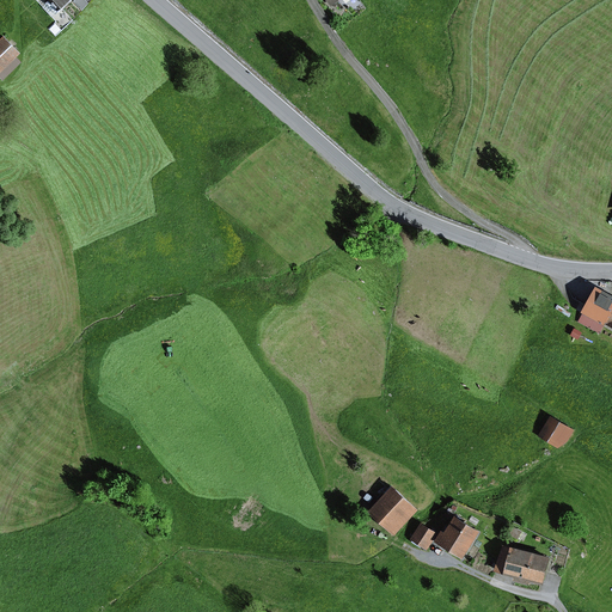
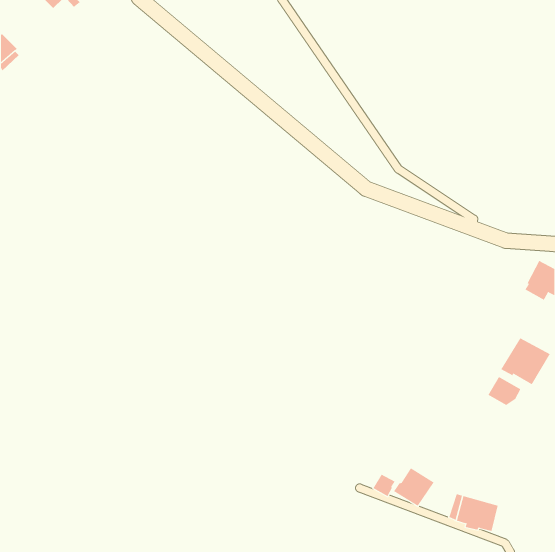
building: none -> [501,338,550,385]
building: [367,485,416,534] -> none

